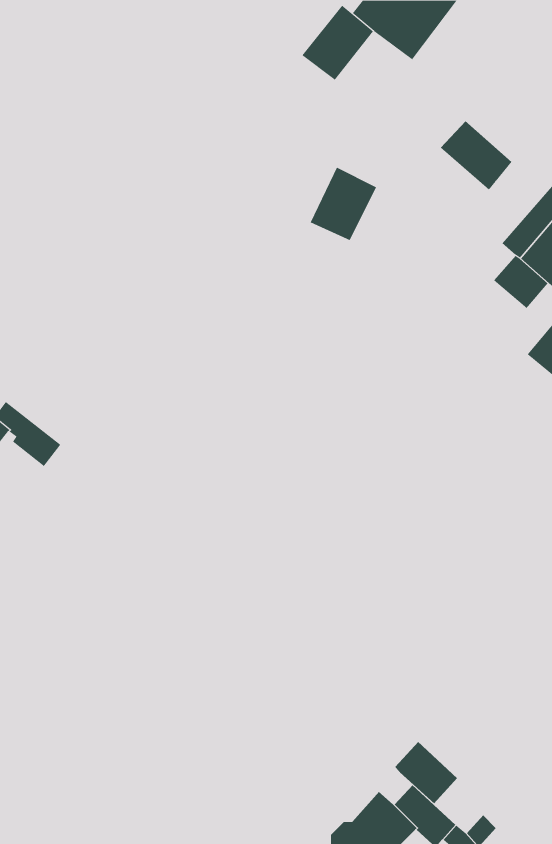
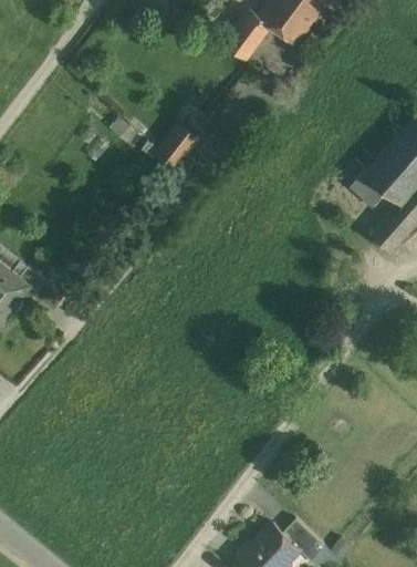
building: [440,121,512,190] -> none
building: [310,167,377,241] -> [154,122,198,171]
building: [394,741,458,804] -> none

